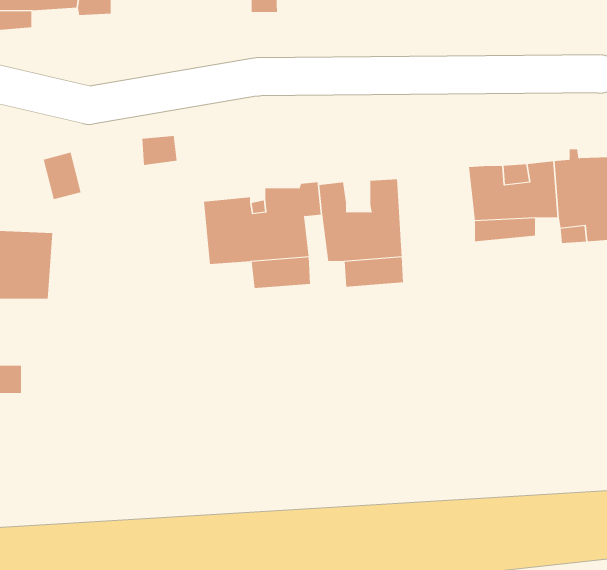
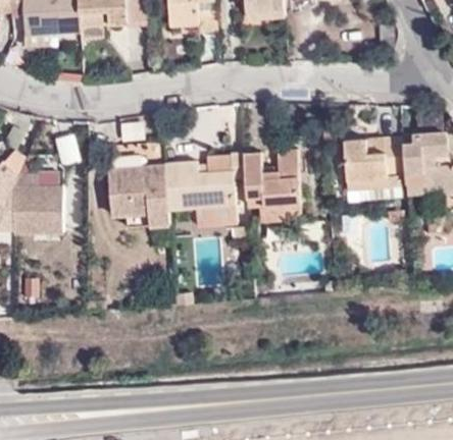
building: none -> [108,164,169,224]

